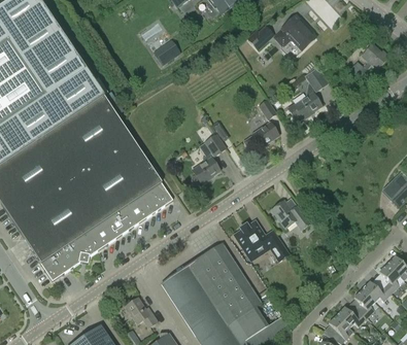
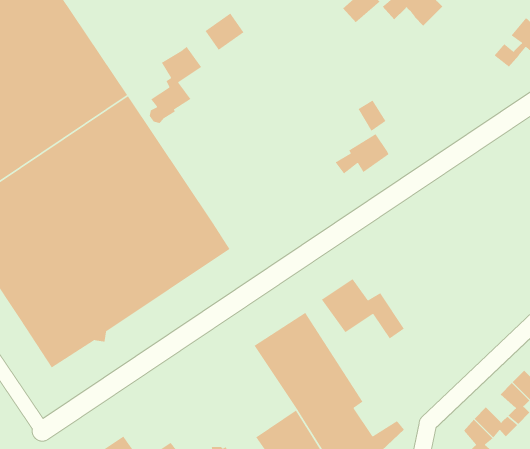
building: [286,65,329,117] -> none
building: [191,133,227,185] -> [149,46,202,124]
building: [270,199,311,230] -> none
building: [161,264,216,325] -> none
building: [125,296,158,326] -> none

